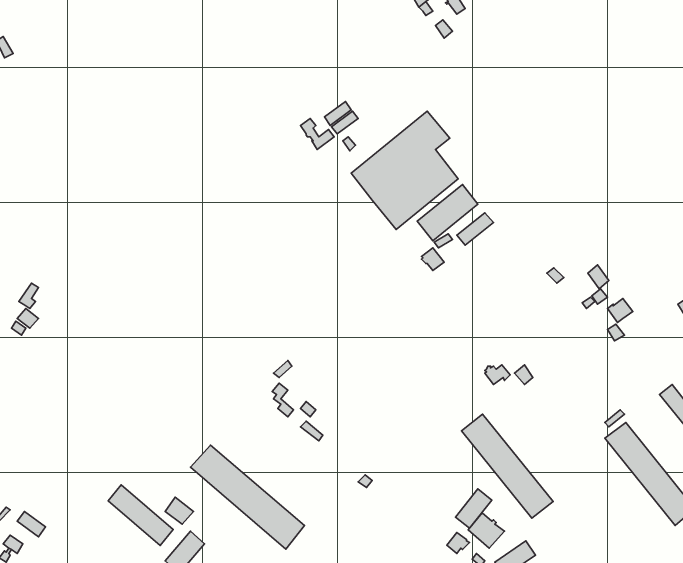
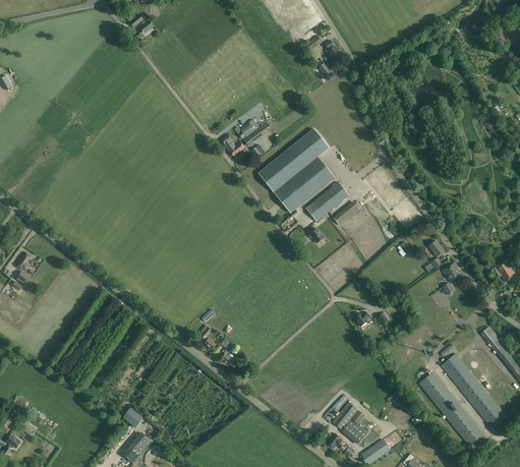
building: [462,414,553,518] -> [418,370,484,446]
building: [190,445,304,549] -> none
building: [108,485,173,546] -> none

